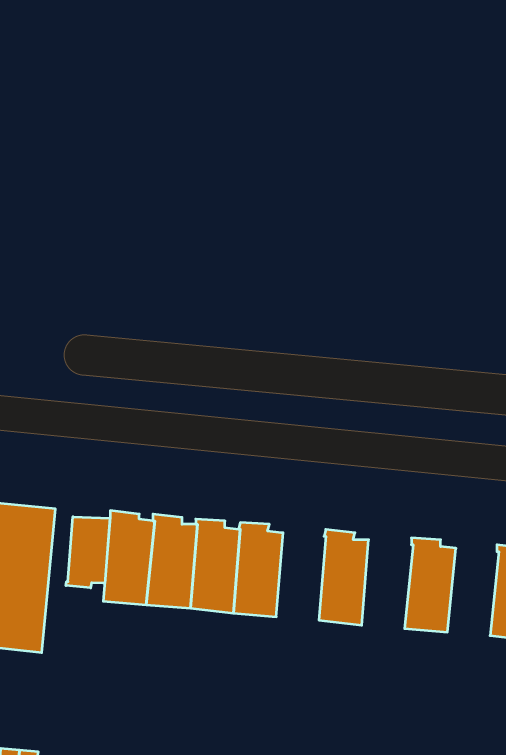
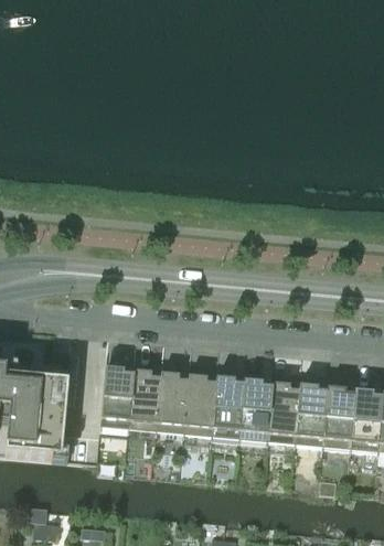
building: [66,517,110,588] -> none
building: none -> [212,377,244,438]
building: none -> [267,383,300,443]
building: none -> [322,392,355,448]

